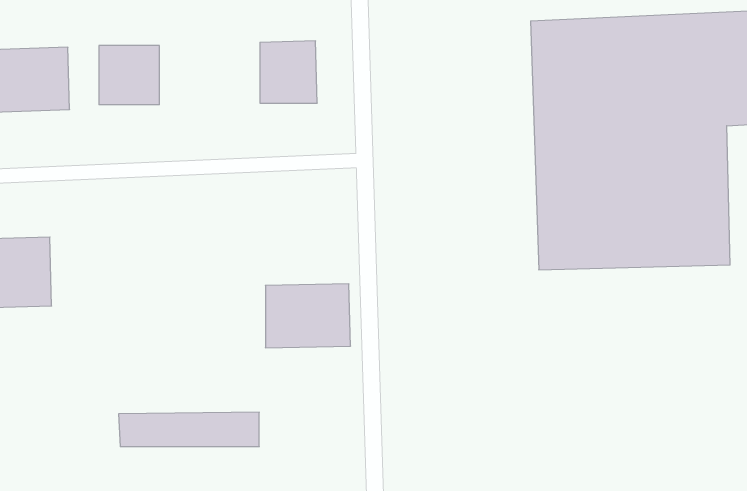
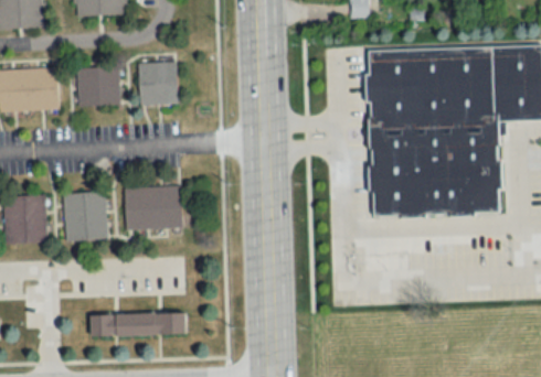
building: [260,41,317,103] -> [139,62,178,104]
building: none -> [64,191,107,240]
building: [265,284,351,348] -> [125,186,182,229]

